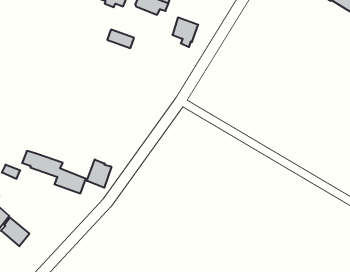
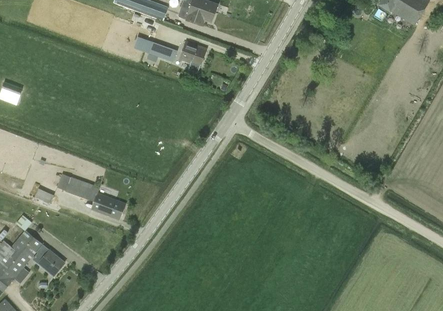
building: [172,17,198,47] -> [178,40,206,72]
building: [87,159,111,188] -> none

